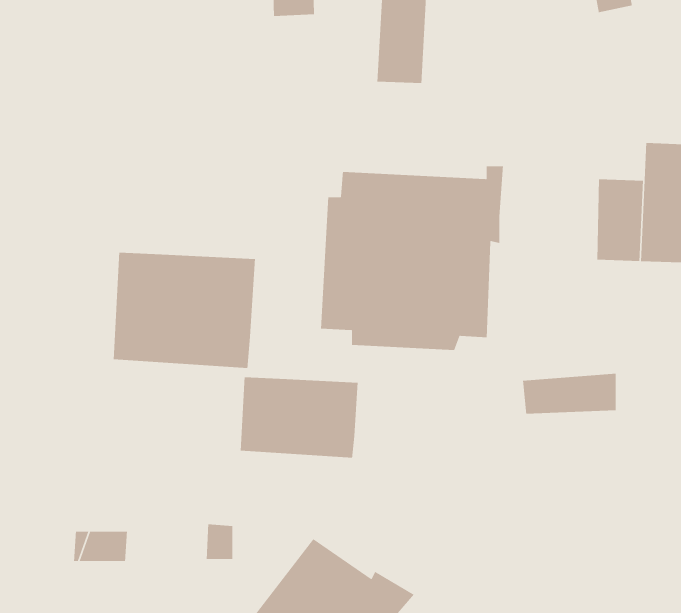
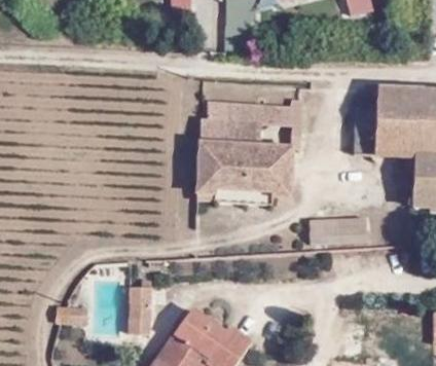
building: [113,252,256,369] -> none
building: [240,376,359,458] -> none

